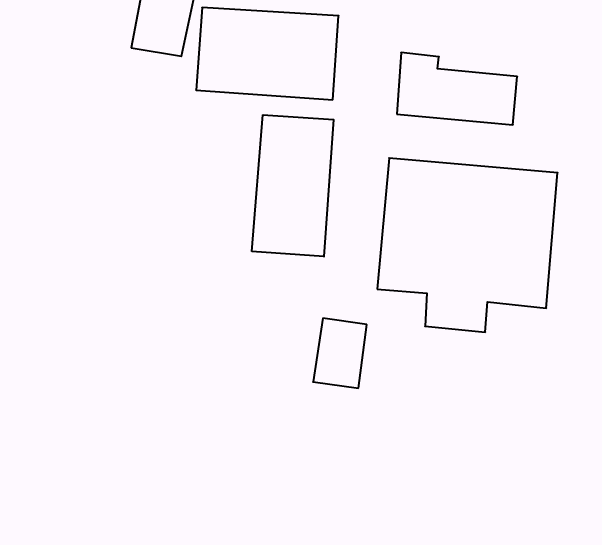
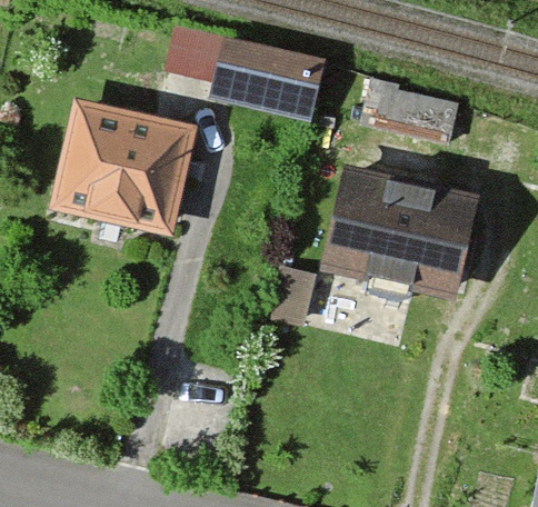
building: none -> [52,99,186,232]
building: [252,115,334,257] -> none

